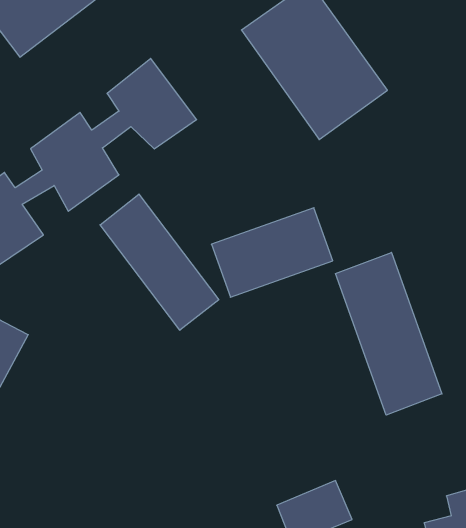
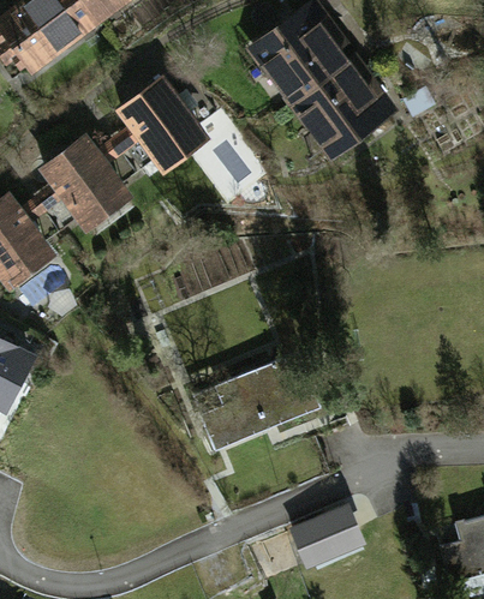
building: [100,194,219,330] -> none
building: [211,208,333,297] -> [196,358,319,449]
building: [336,252,442,415] -> none

